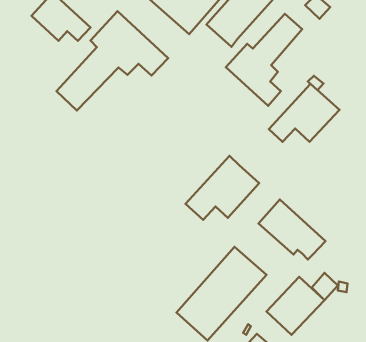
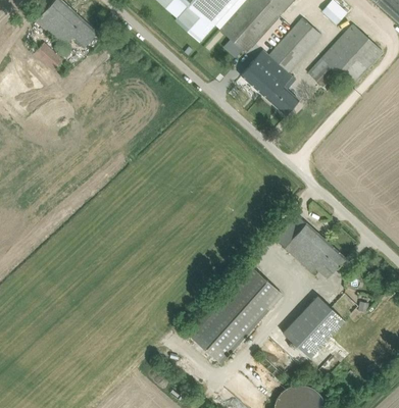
building: [56,11,168,111] -> none
building: none -> [34,41,63,70]
building: [269,84,340,142] -> [308,24,383,86]
building: [186,156,259,220] -> none

